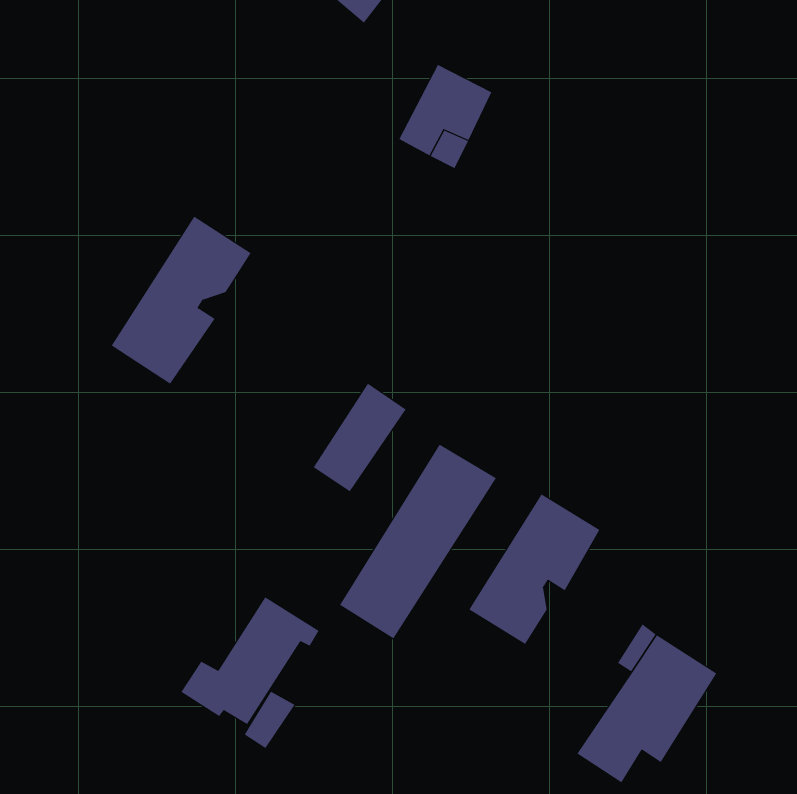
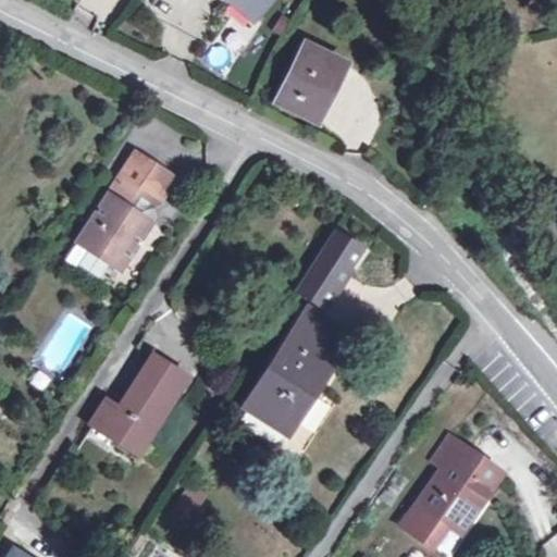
building: [313,383,407,492] -> [298,231,363,307]
building: [468,494,600,645] -> none
building: [180,597,319,725] -> [94,355,190,444]

